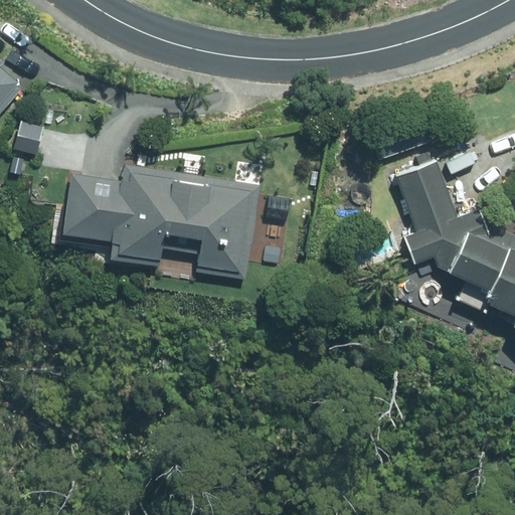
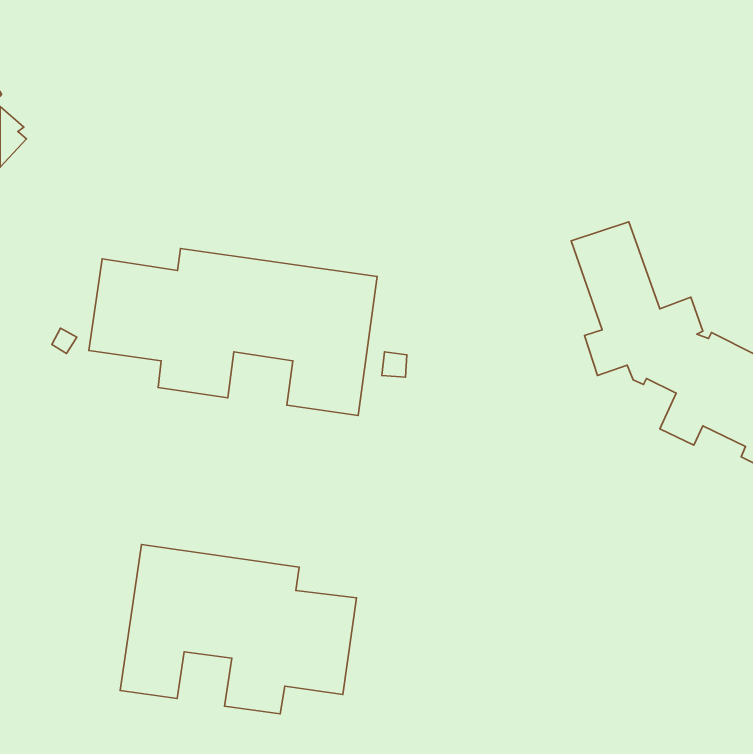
building: none -> [120,545,357,714]

